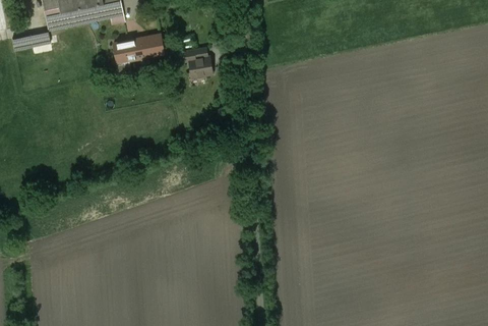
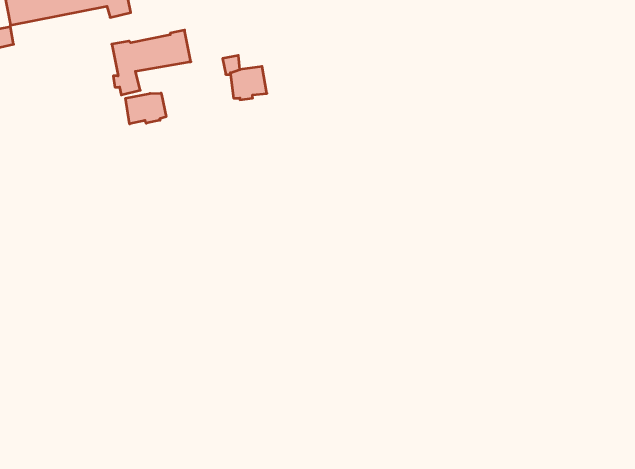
building: none -> [126,93,166,124]

